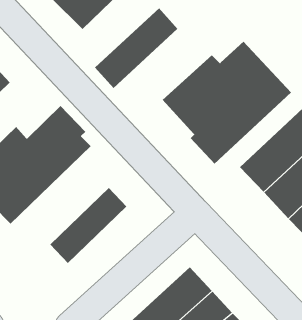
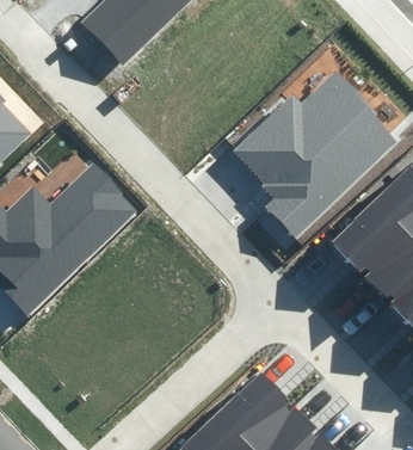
building: [94,7,178,89] -> none
building: [50,187,127,264] -> none

